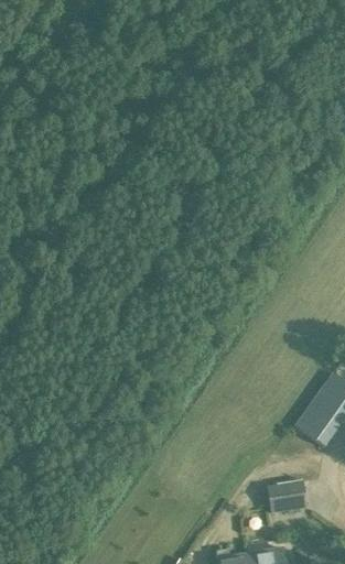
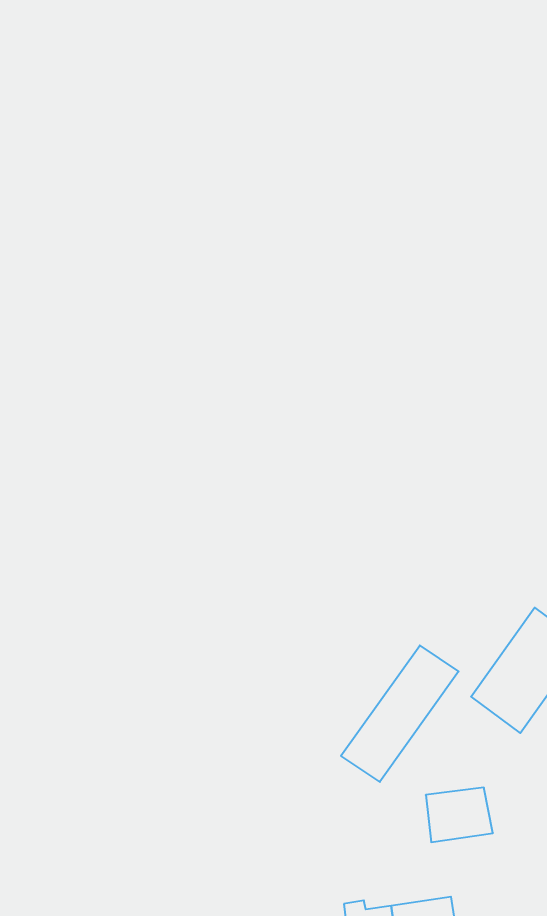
building: none -> [341,645,459,782]

